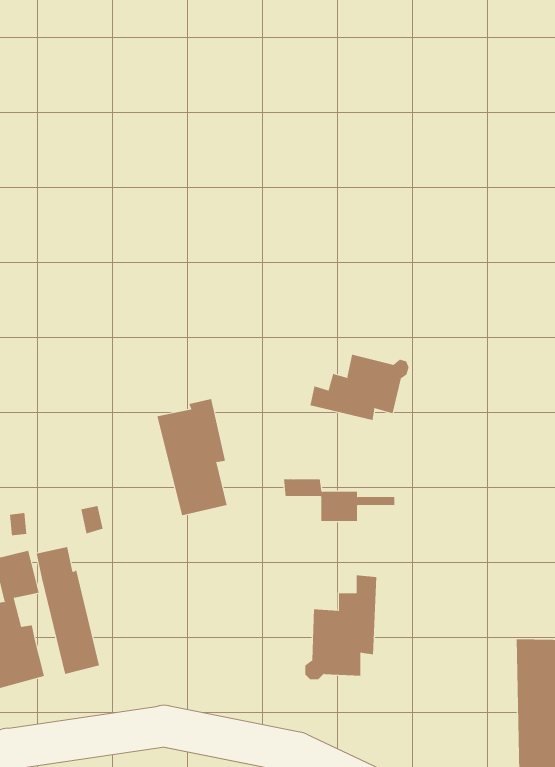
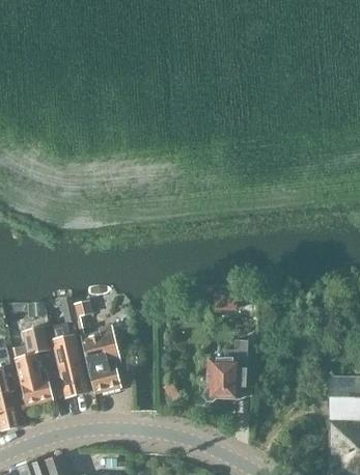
building: [310,354,409,421] -> none
building: [157,398,228,516] -> [80,325,121,393]

